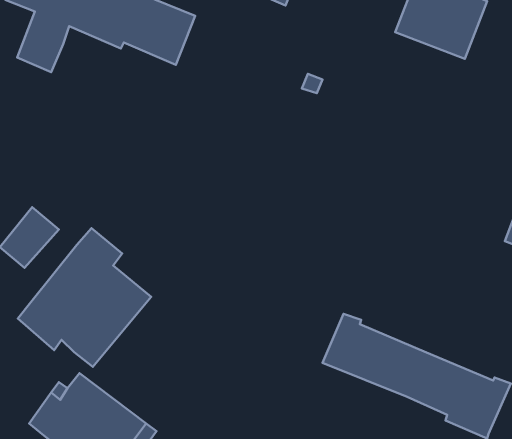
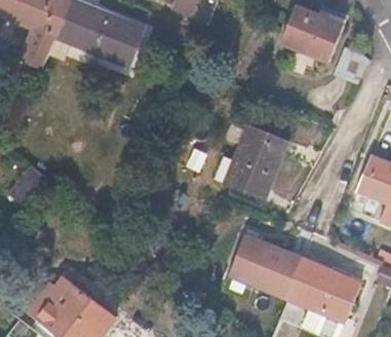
building: none -> [230,125,284,197]
building: [18,228,151,367] -> none

